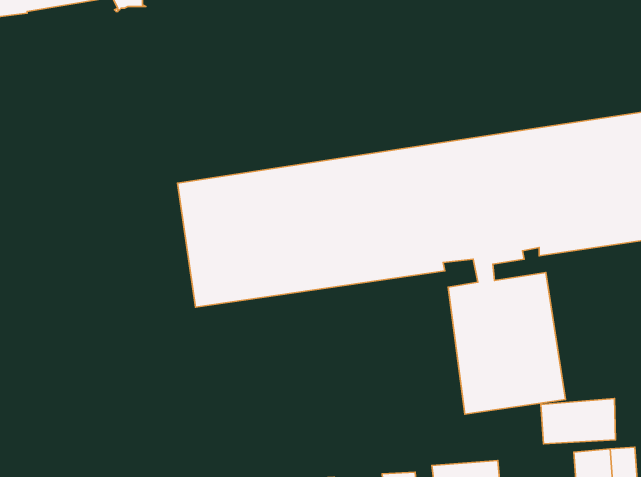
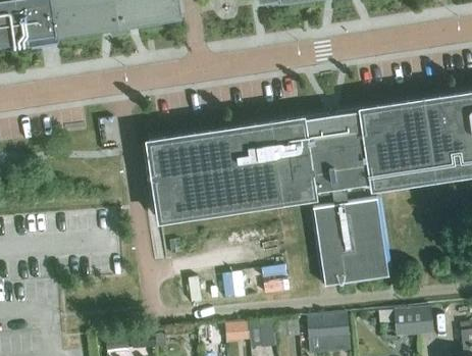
building: [541,398,616,444] -> none

